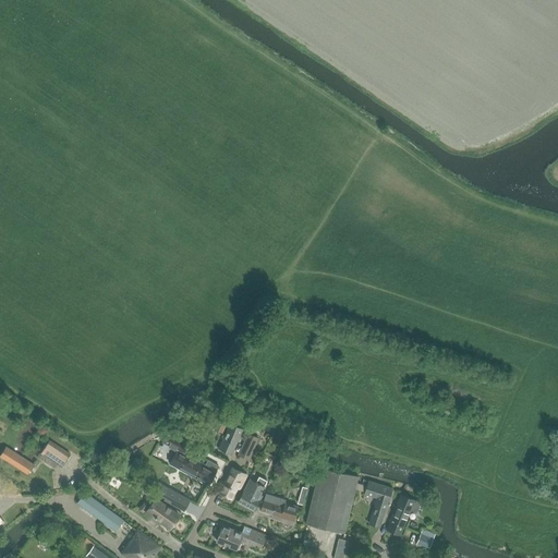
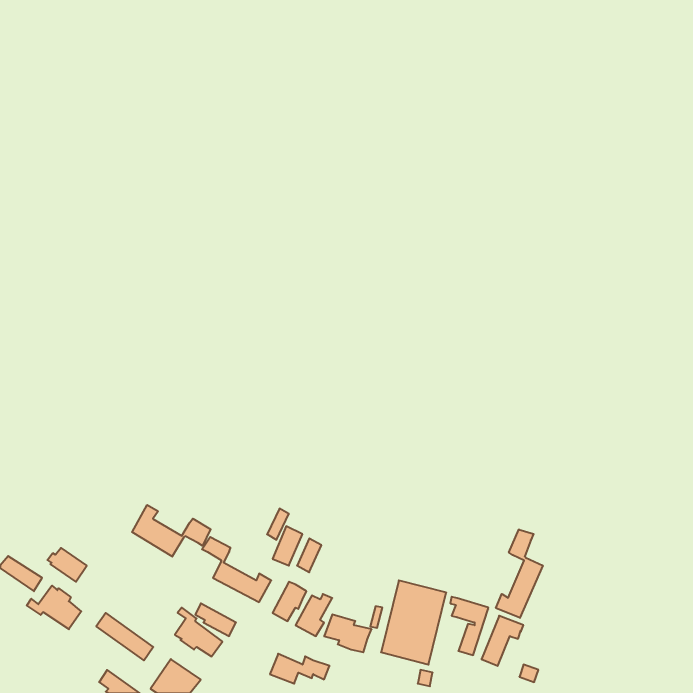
building: none -> [132,505,211,557]
building: none -> [496,529,543,618]
building: none -> [27,586,81,629]

